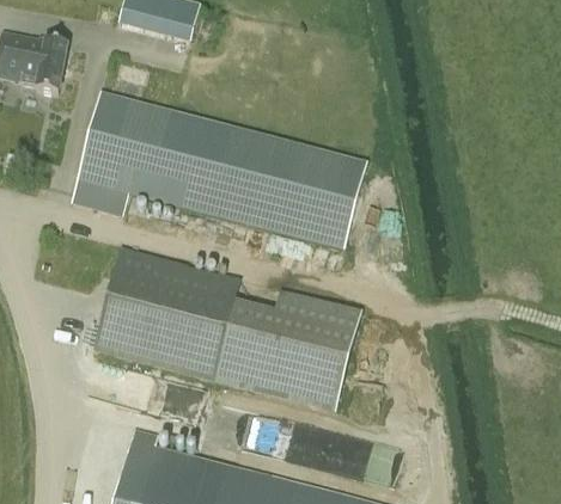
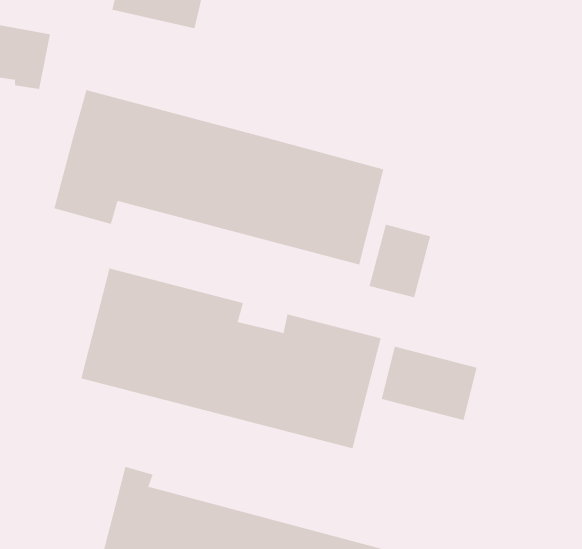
building: none -> [369,224,431,298]
building: none -> [381,346,477,421]

